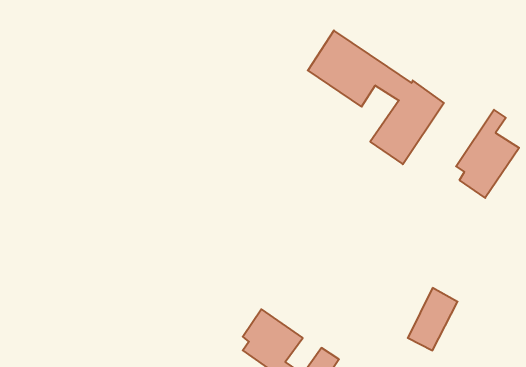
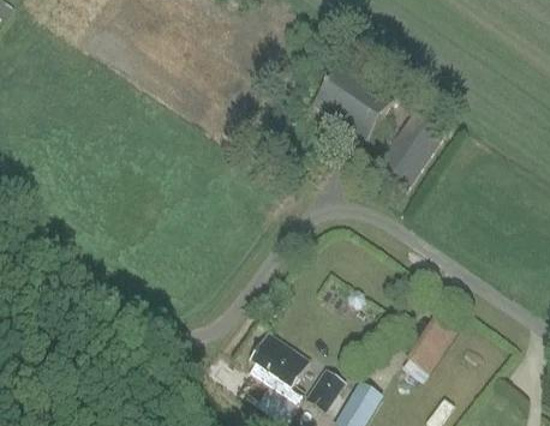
building: [456,110,519,198] -> none

